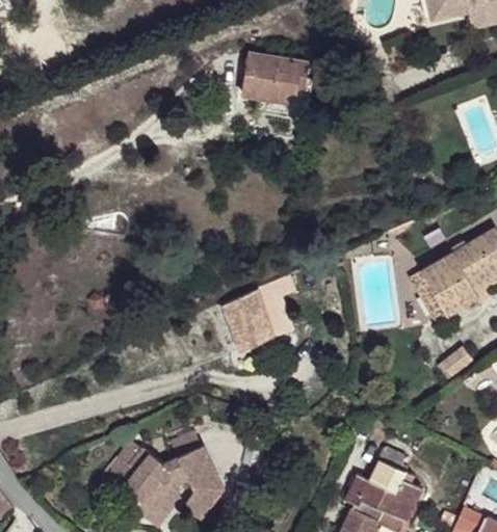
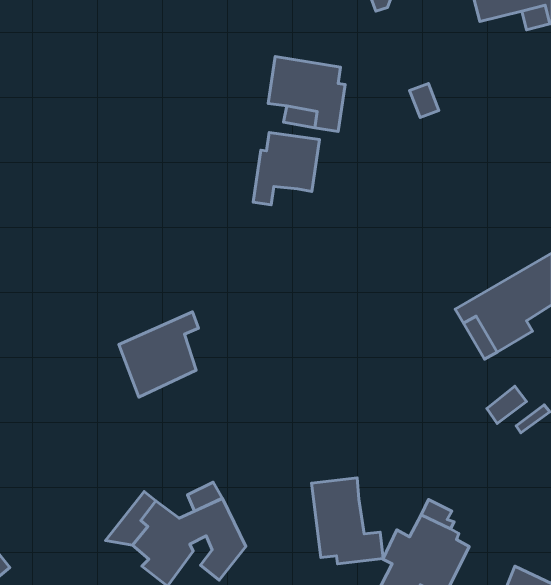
building: none -> [253,133,320,205]
building: [224,276,294,352] -> [119,312,198,397]
building: none -> [312,478,383,564]

